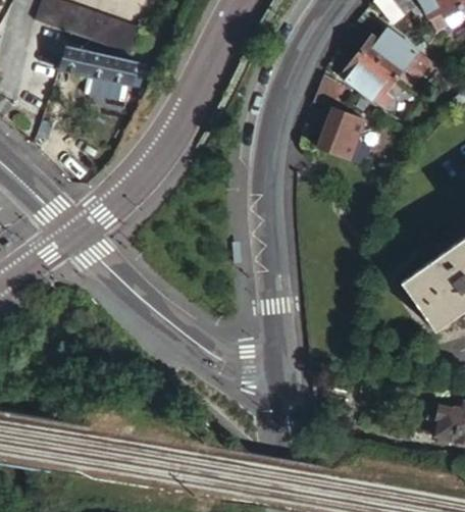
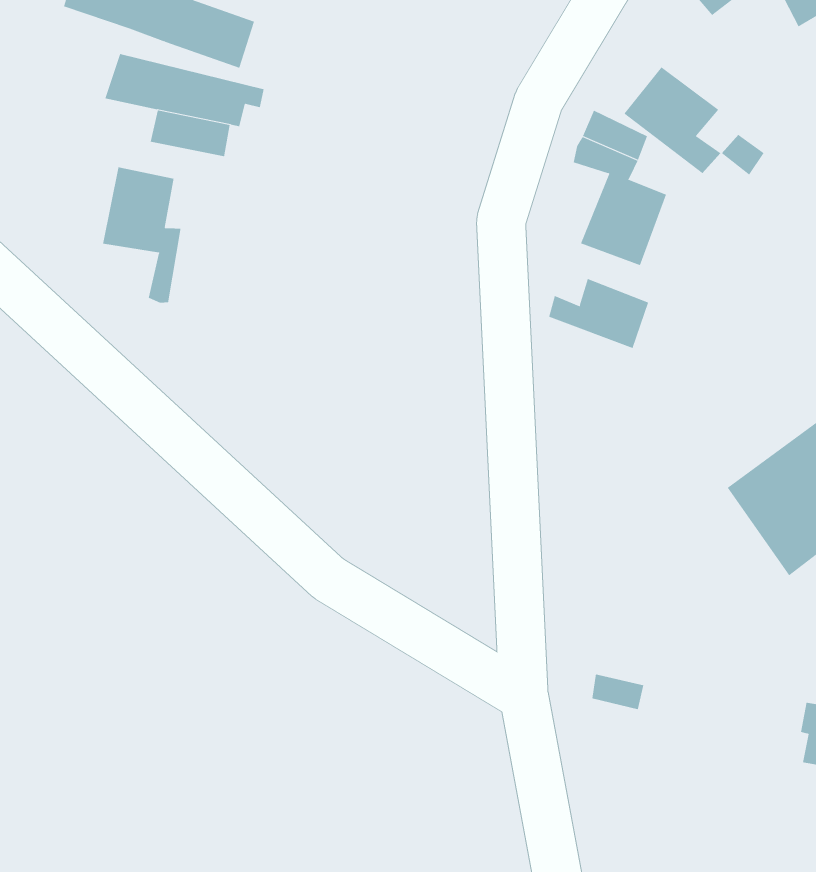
building: [361,31,429,89] -> none
building: none -> [103,166,181,304]
building: none -> [548,278,649,349]

